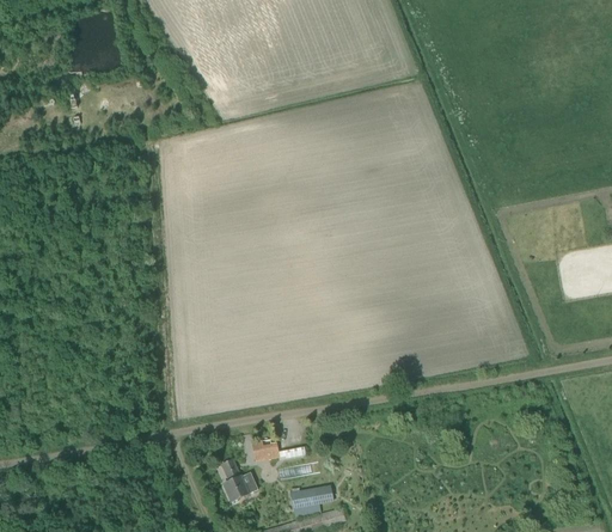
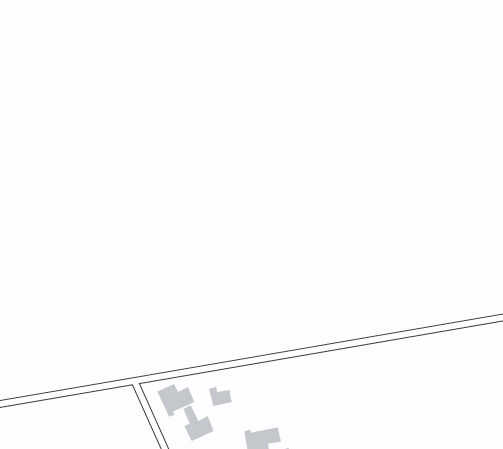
building: none -> [156,383,195,418]

